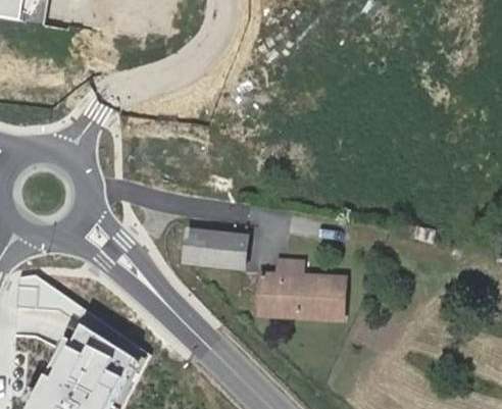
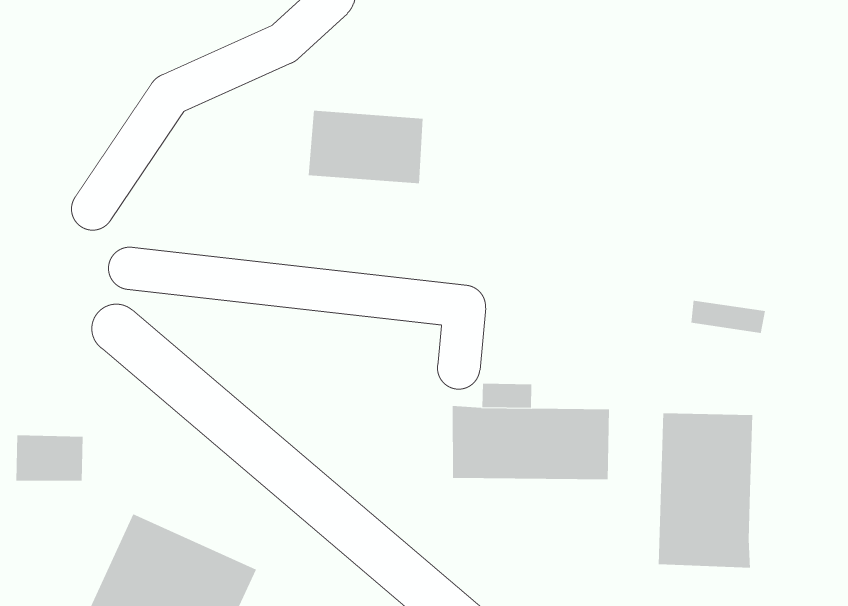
building: [182,226,247,270] -> [308,110,423,184]
building: none -> [658,413,753,569]

